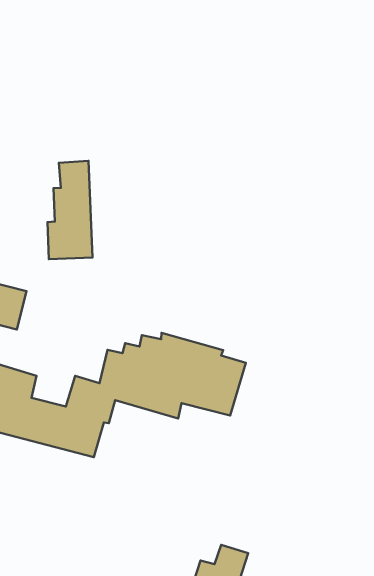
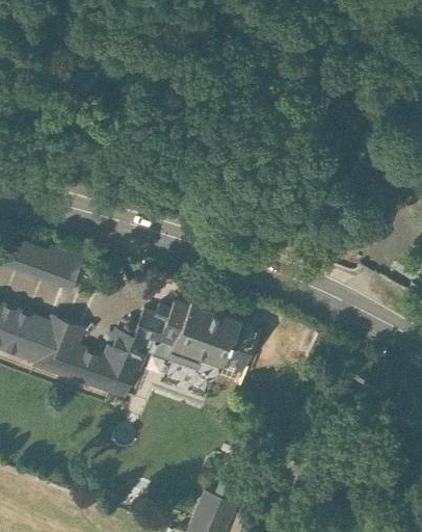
building: [47,161,93,259] -> none

